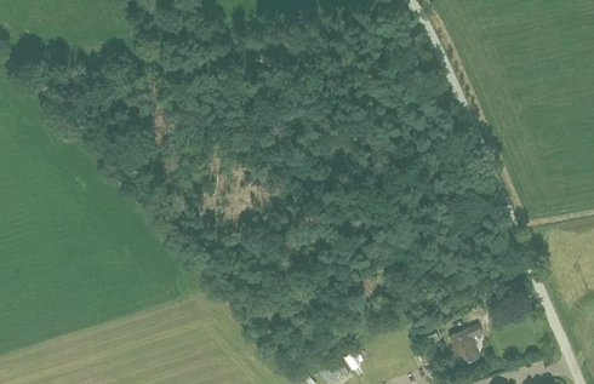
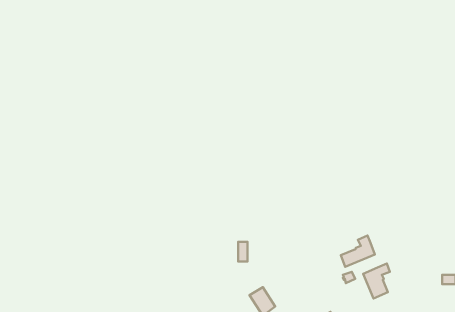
building: none -> [341,235,375,267]

